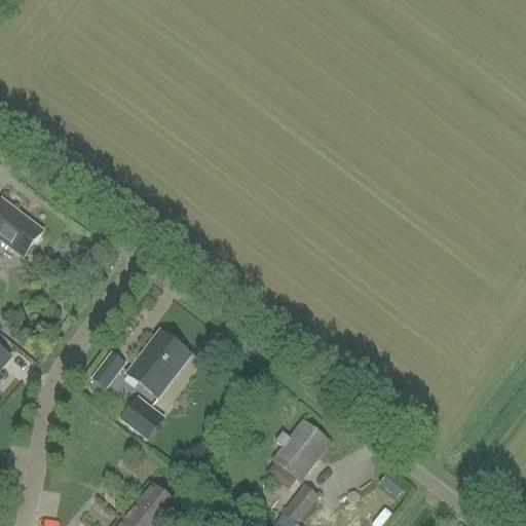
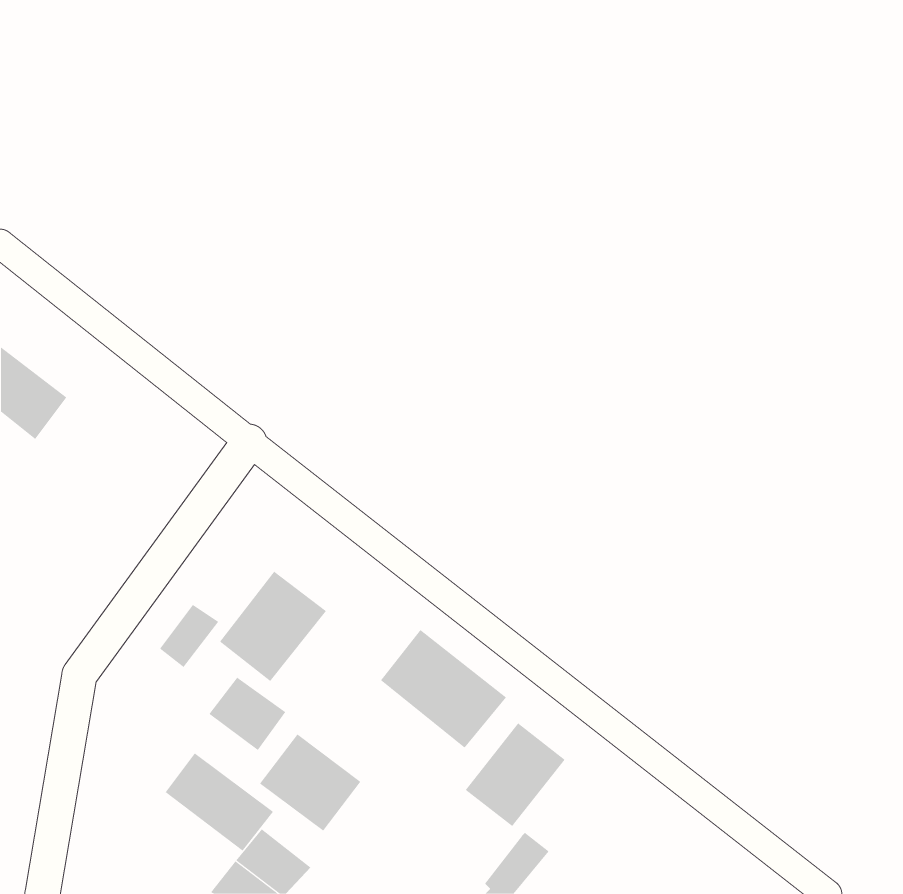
building: none -> [380,629,507,748]
building: none -> [259,733,361,832]
building: none -> [165,753,274,852]

